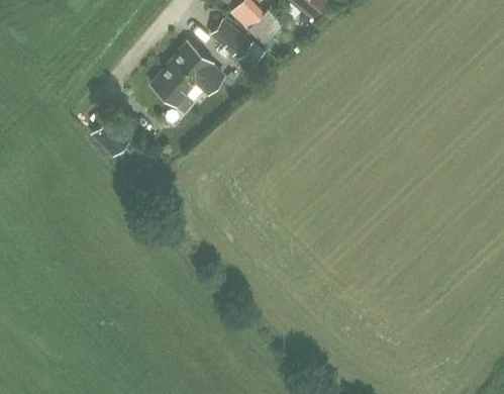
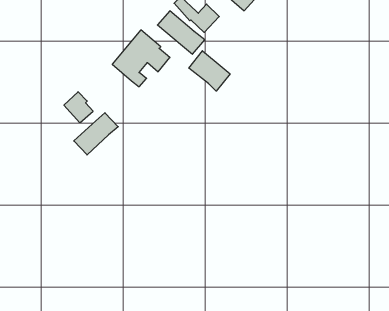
building: none -> [189,51,230,91]
building: none -> [74,113,118,155]

